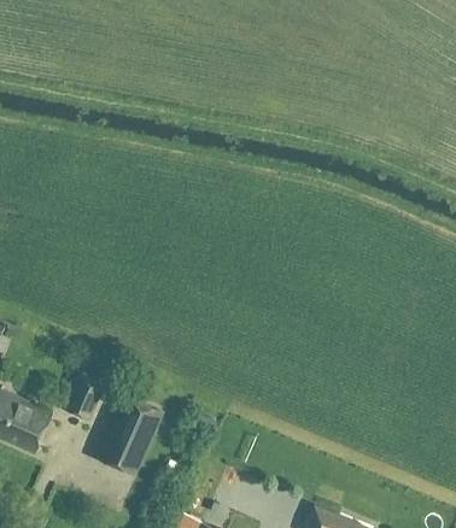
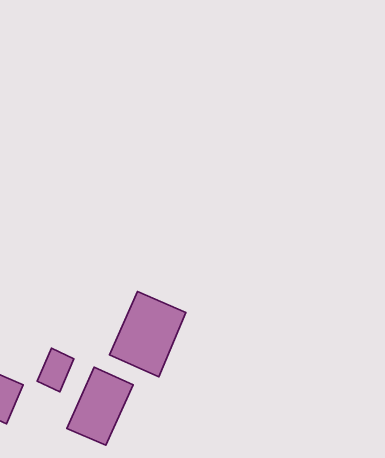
building: none -> [109,292,186,377]

